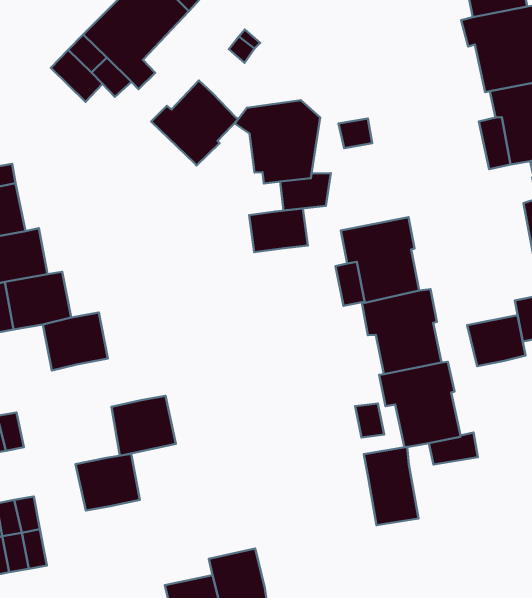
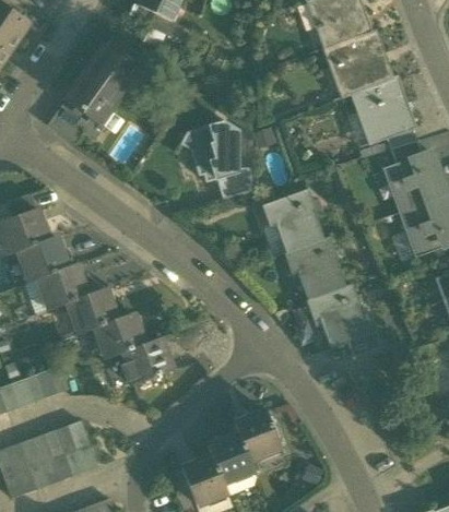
building: [151,80,238,166] -> none
building: [249,209,308,252] -> none
building: [467,315,526,366] -> none
building: [364,447,419,525] -> none
building: [75,454,140,510] -> [96,312,144,356]
building: none -> [234,410,280,459]

